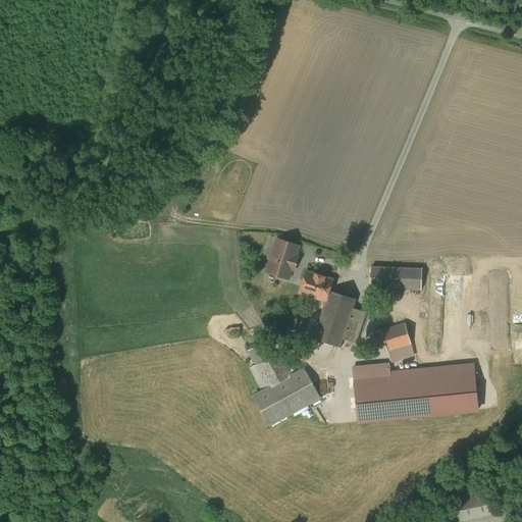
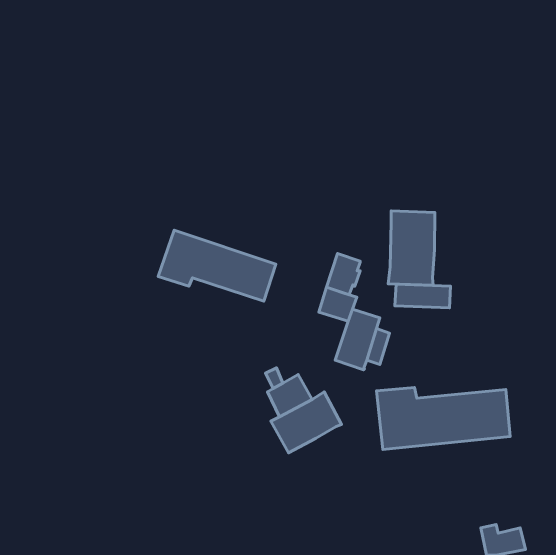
building: none -> [388,211,435,285]
building: none -> [158,230,276,301]
building: [267,239,299,277] -> [327,253,360,295]
building: [381,321,412,351] -> none

